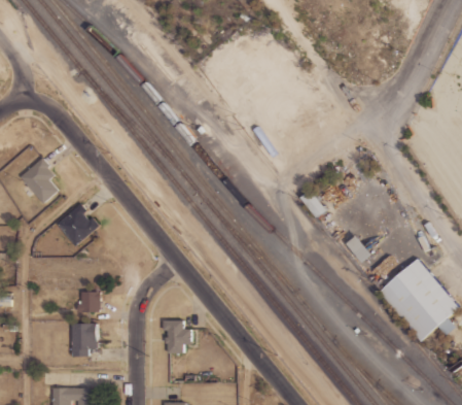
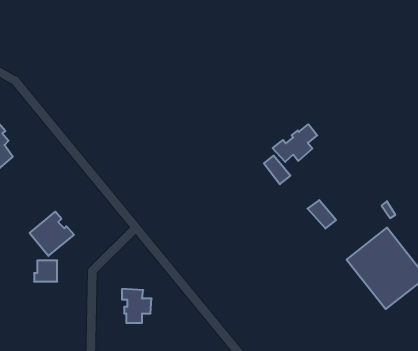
building: none -> [273,124,317,162]
building: [55,203,98,246] -> [30,212,74,256]
building: [70,323,96,356] -> none

